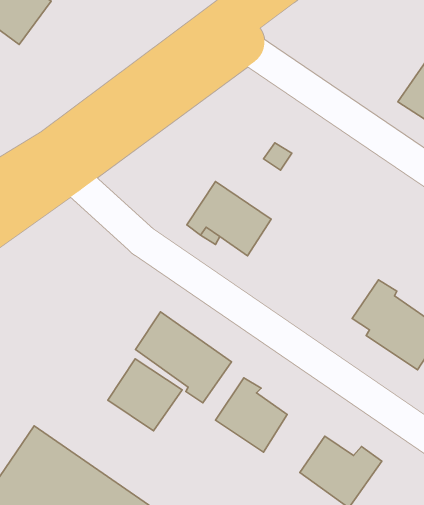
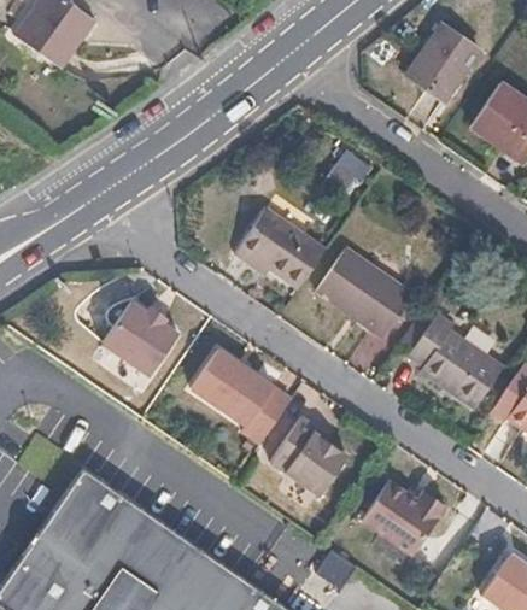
building: none -> [399,24,474,101]
building: none -> [323,251,420,339]
building: [108,359,182,431] -> [107,301,186,377]

